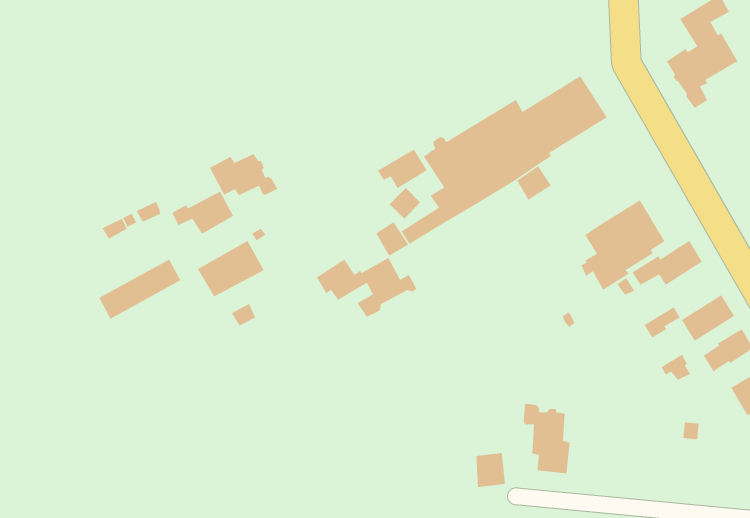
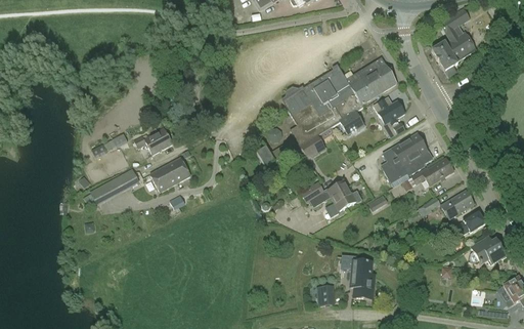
building: none -> [374,95,404,124]
building: [377,148,428,189] -> [296,134,326,159]
building: [209,153,278,196] -> none
building: [316,257,418,318] -> [301,179,362,216]

